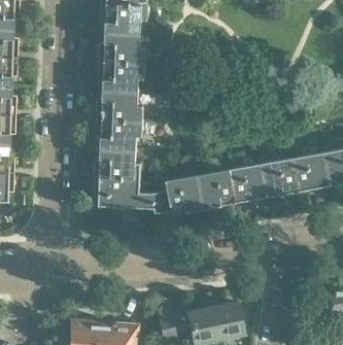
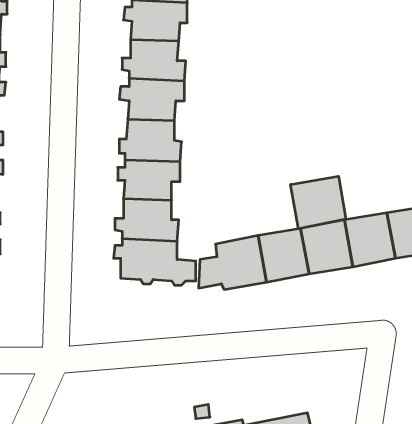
building: none -> [291,176,346,229]

